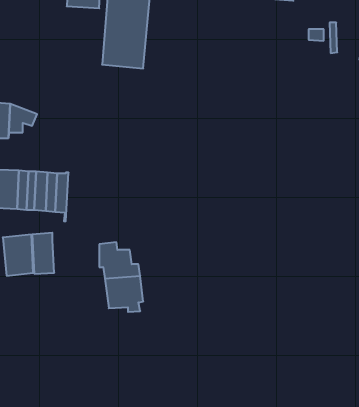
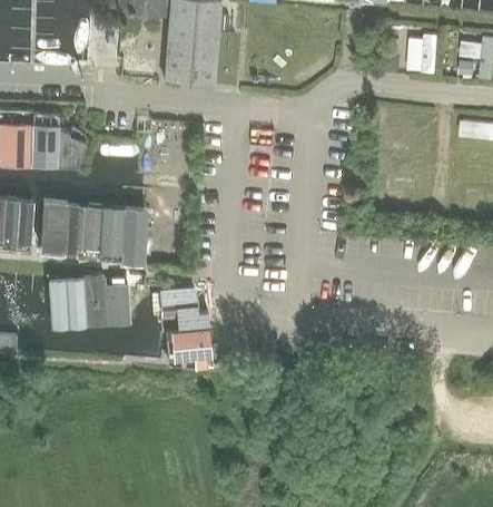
building: none -> [121,206,148,263]
building: none -> [106,283,131,324]

